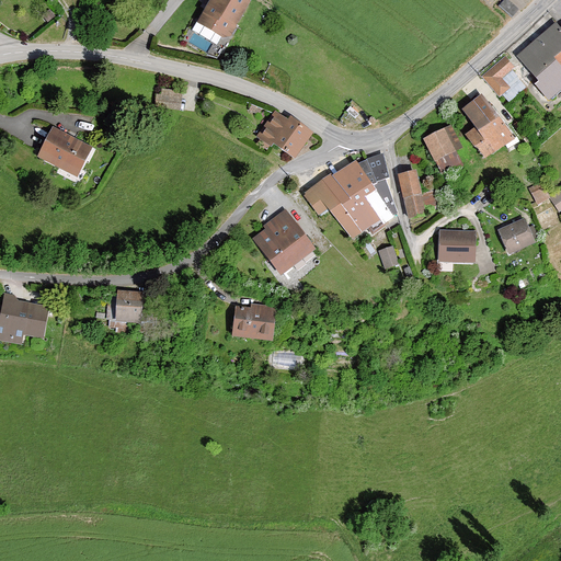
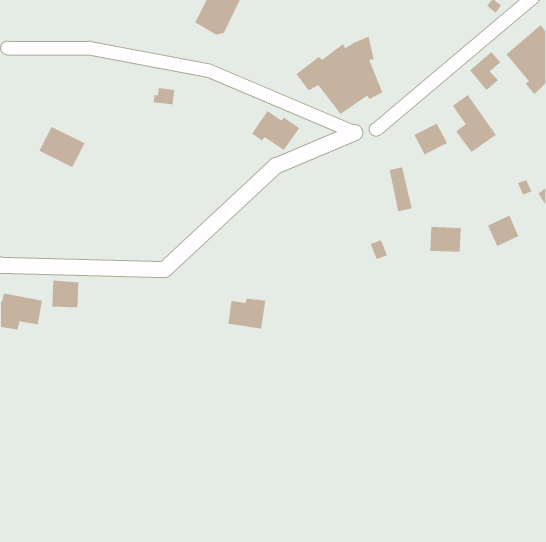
building: [306,152,396,233] -> [295,36,383,115]
building: [255,213,310,271] -> none
building: [117,293,146,321] -> [51,280,79,308]

